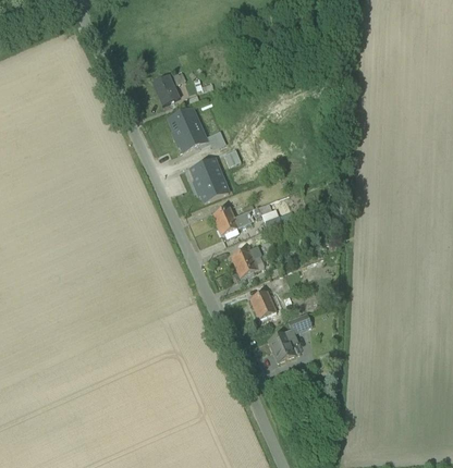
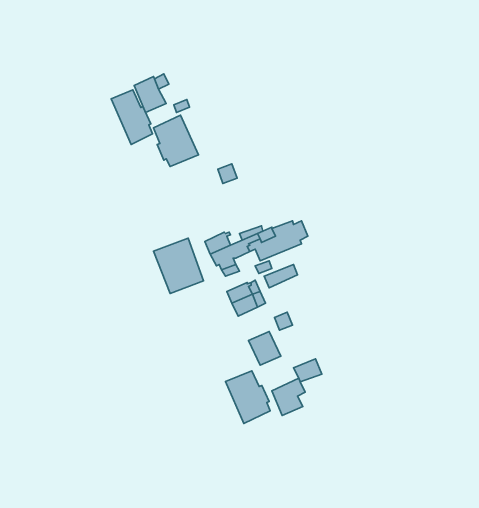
building: none -> [111,90,153,145]
building: [186,156,229,202] -> [153,238,204,294]
building: none -> [226,371,270,424]

